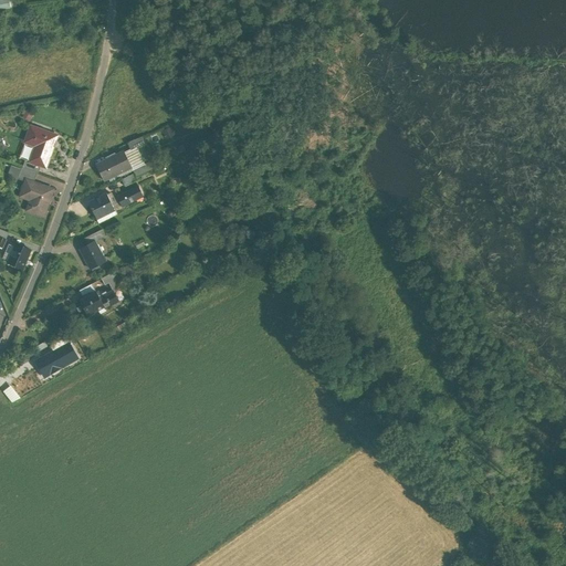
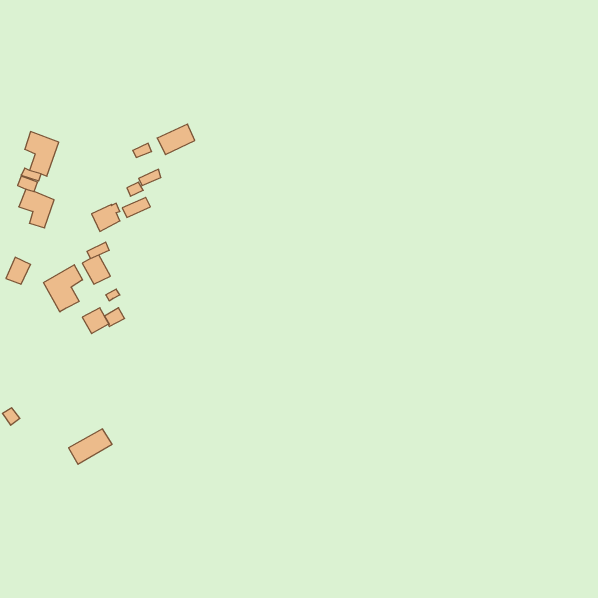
building: [94,150,129,179] -> [157,124,195,155]
building: none -> [44,265,83,312]
building: [34,342,75,375] -> [69,429,112,464]

